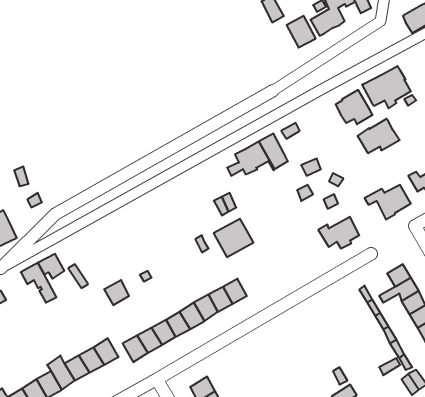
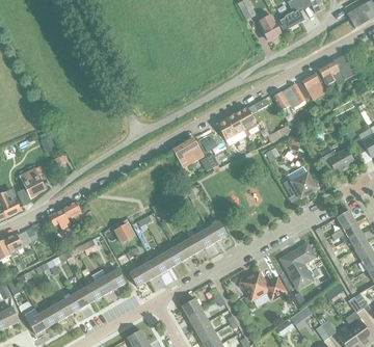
building: [357,119,400,153] -> [272,83,305,110]
building: [214,219,253,257] -> [172,137,204,167]
building: none -> [280,244,314,288]
building: none -> [239,271,286,300]

